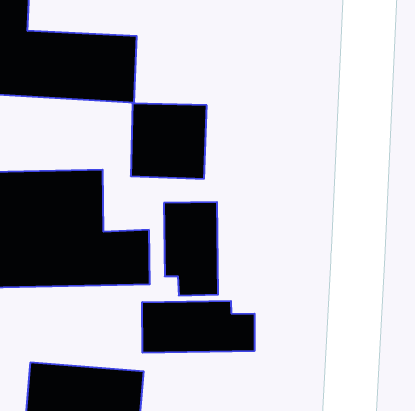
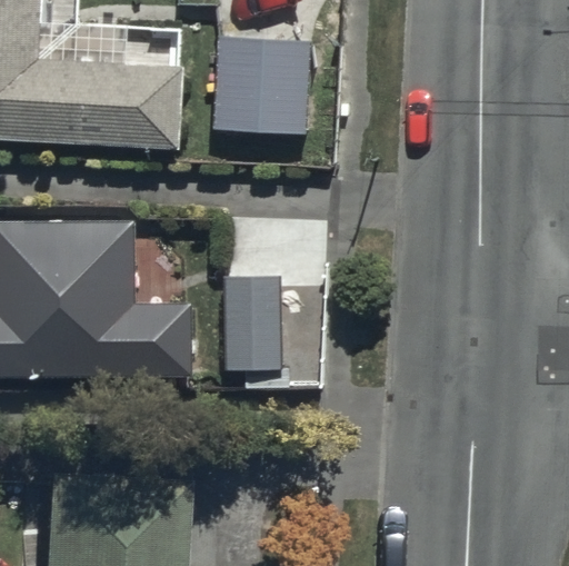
building: [131,104,207,179] -> [212,37,309,132]
building: [142,301,255,353] -> none

